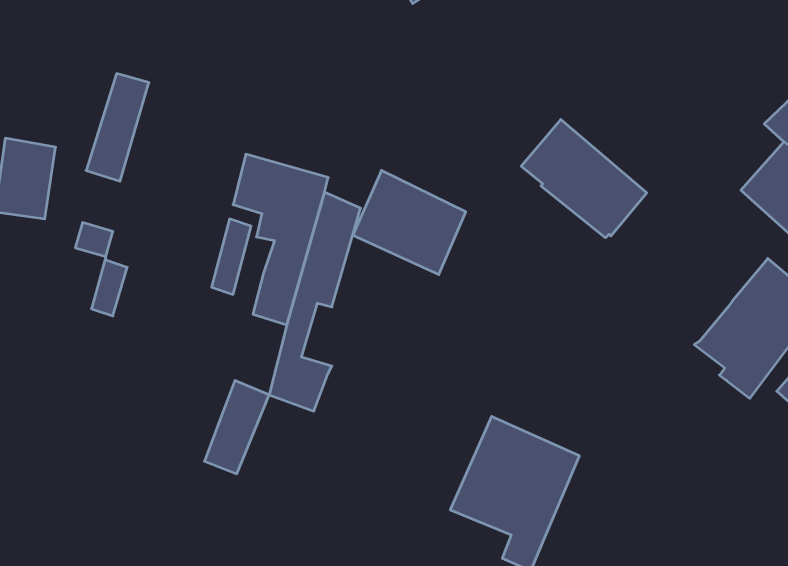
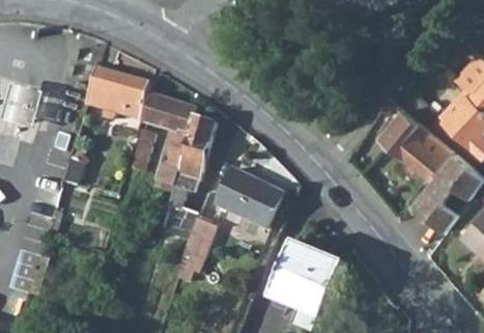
building: none -> [83,68,150,120]
building: [521,119,647,238] -> [379,112,452,181]
building: [353,170,466,275] -> [217,169,282,229]
building: [204,380,269,474] -> [180,221,218,275]

